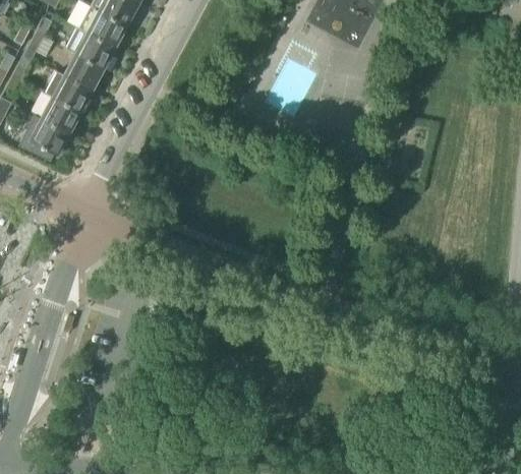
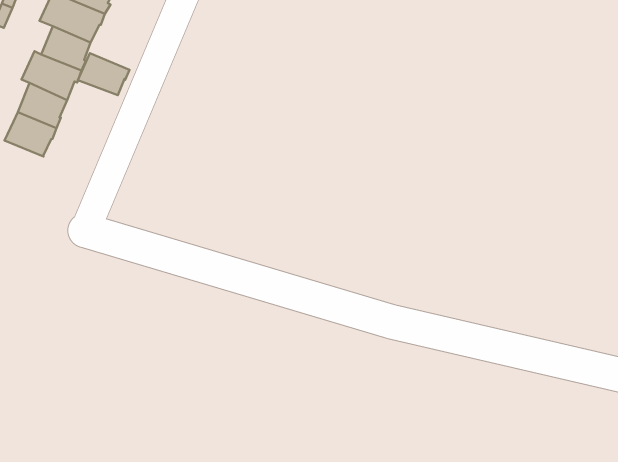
building: none -> [78,53,129,95]

